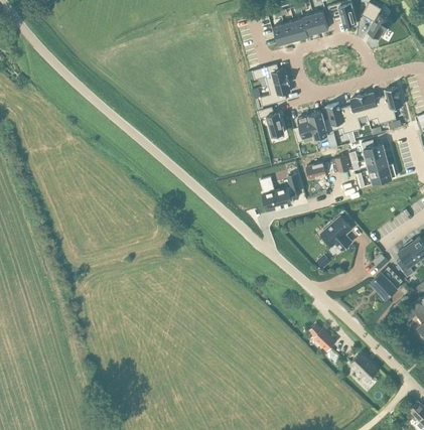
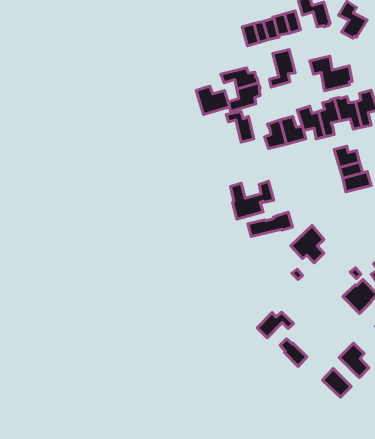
building: none -> [269,49,295,87]
building: none -> [310,56,352,91]
building: none -> [196,86,229,115]
building: [306,155,348,178] -> [248,212,292,237]
building: none -> [257,312,293,338]
building: none -> [339,343,369,377]

